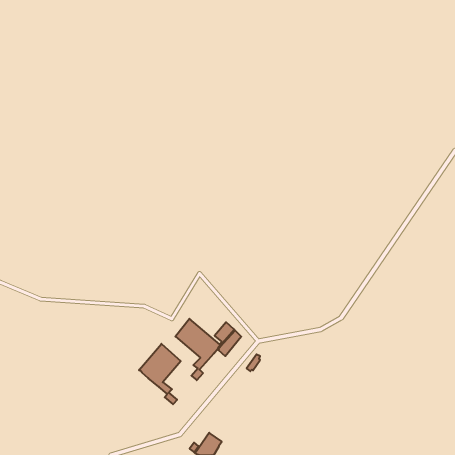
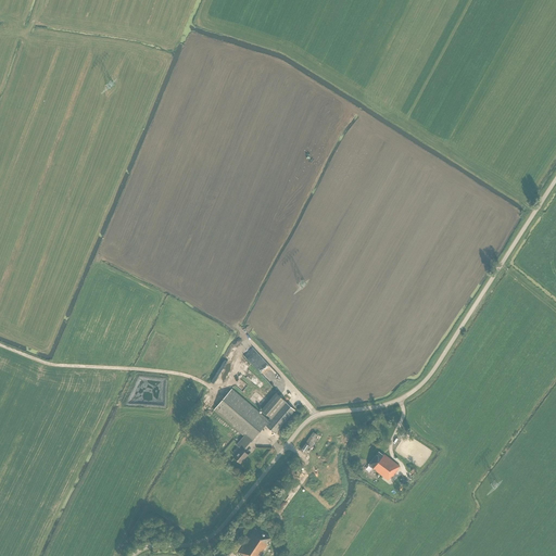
building: [139,344,181,404] -> none
building: none -> [368,452,400,480]

